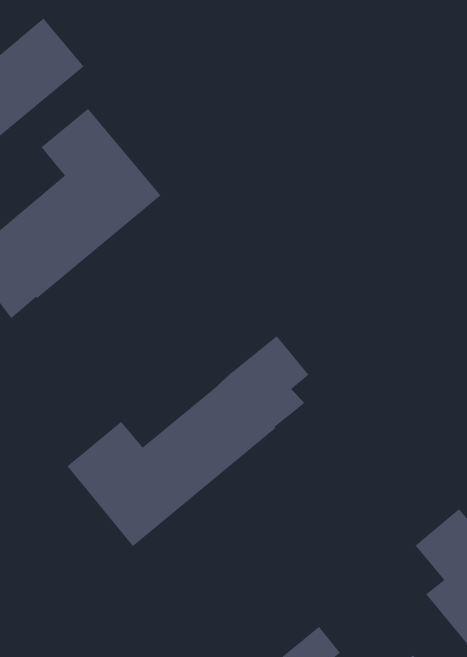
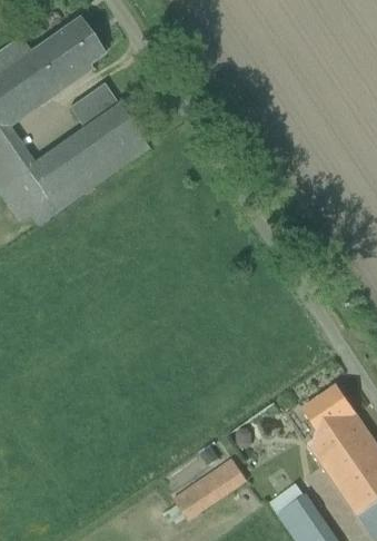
building: [66,335,310,547] -> none

